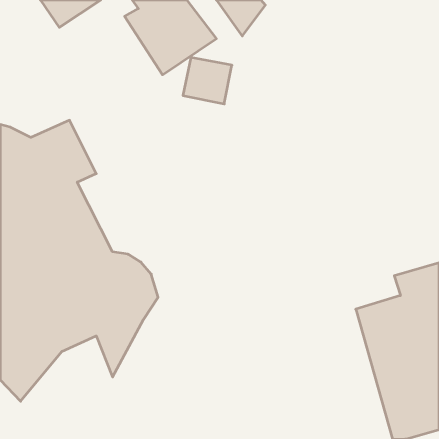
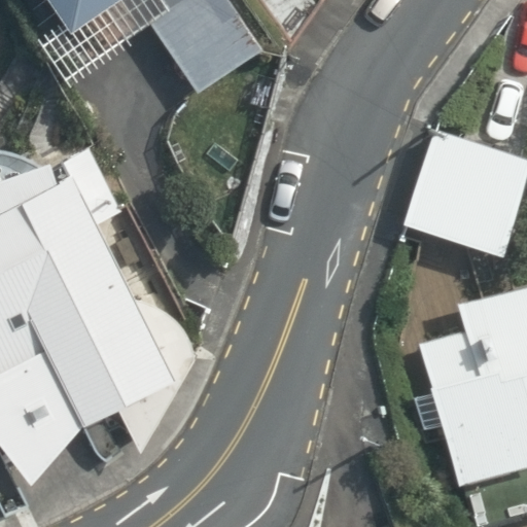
building: none -> [406,136,516,246]

